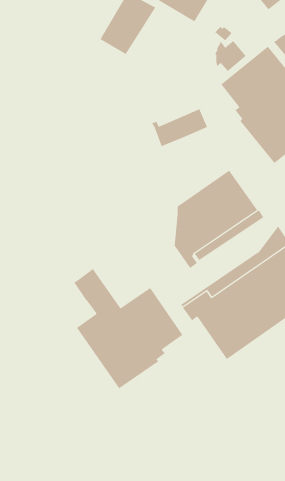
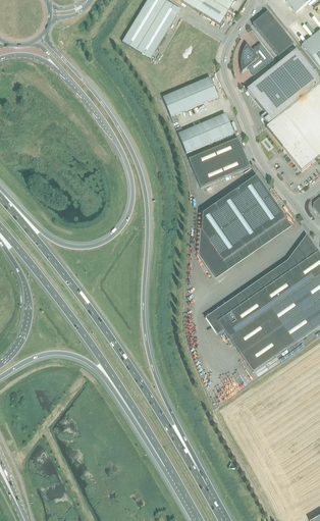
building: none -> [253,10,294,54]
building: none -> [162,76,218,119]
building: none -> [189,137,250,186]
building: [73,268,183,389] -> none

